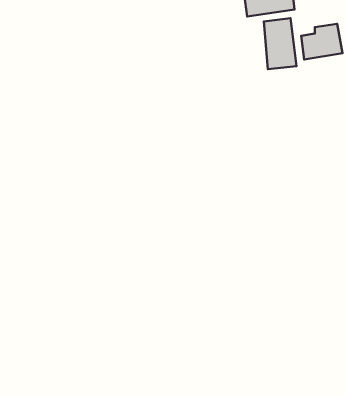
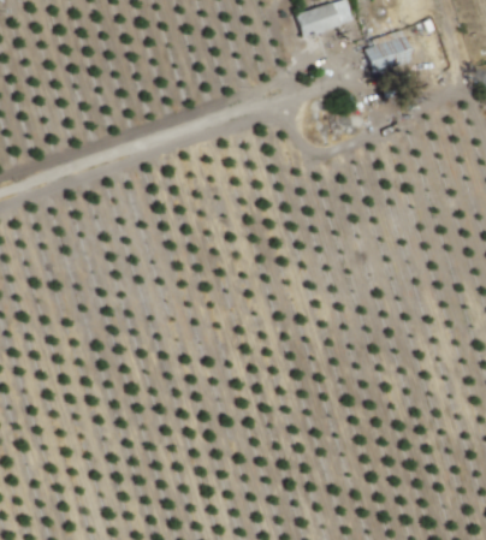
building: [264,18,296,69] -> none

